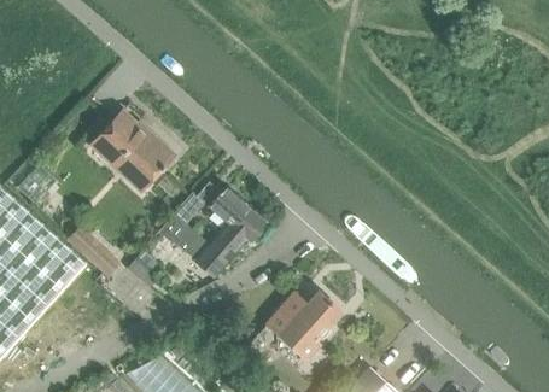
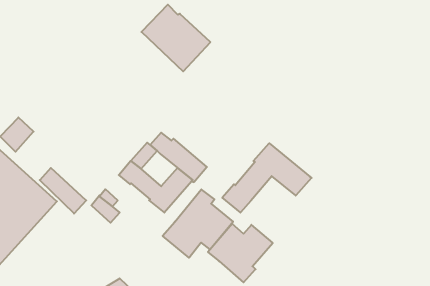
building: [90,111,173,191] -> [141,5,210,71]
building: none -> [222,143,312,213]
building: none -> [163,189,233,258]

